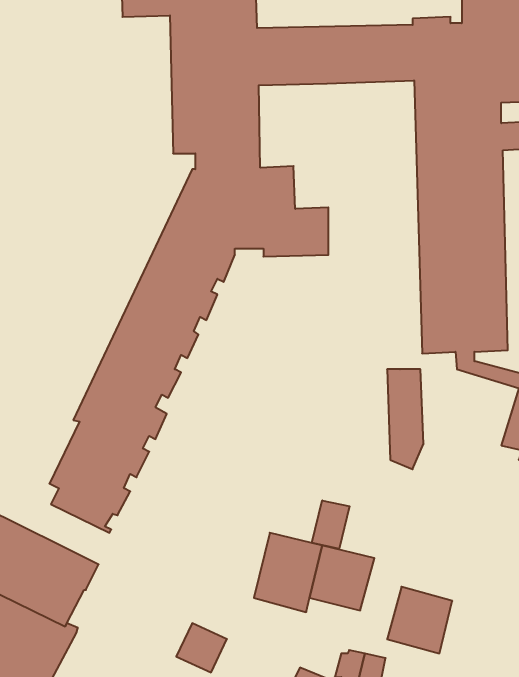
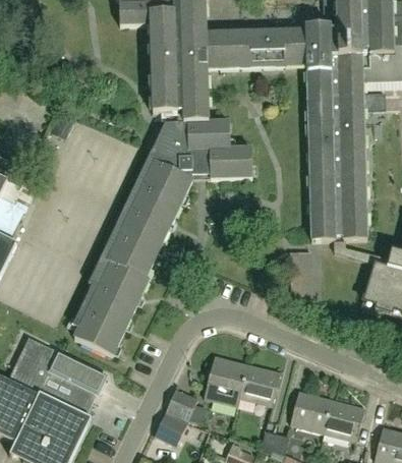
building: [312,500,350,549] -> none
building: none -> [165,389,197,422]
building: none -> [323,400,364,442]

